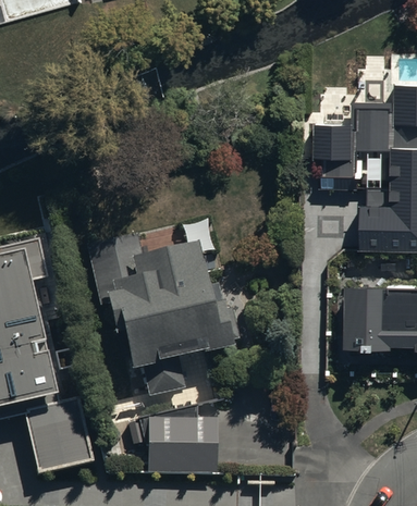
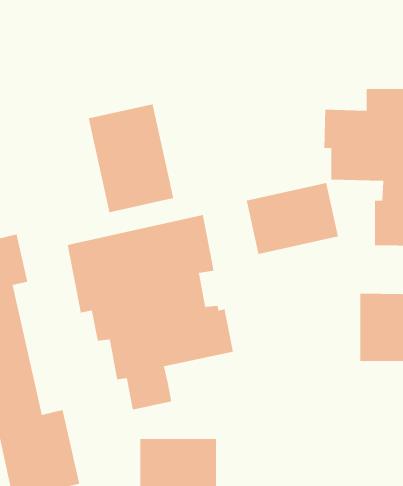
building: none -> [88,103,174,213]
building: none -> [246,182,339,255]

